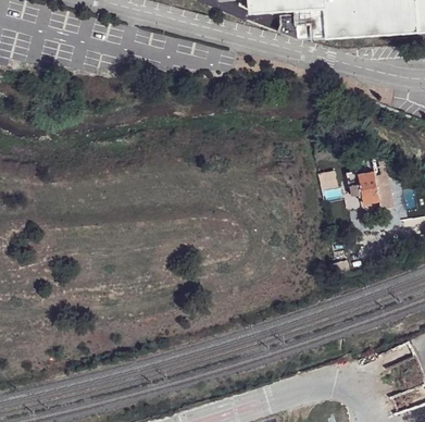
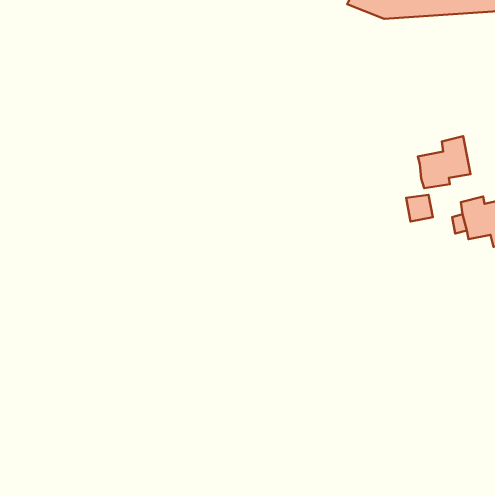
building: none -> [418,136,471,188]

